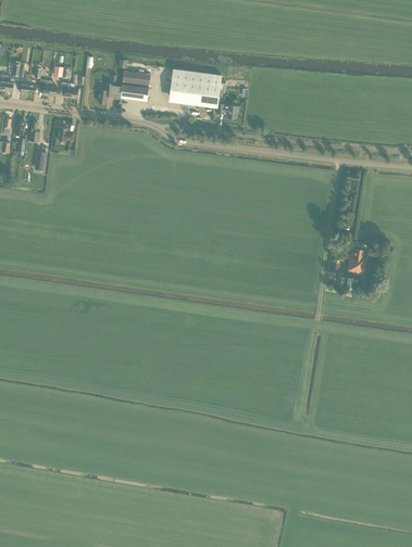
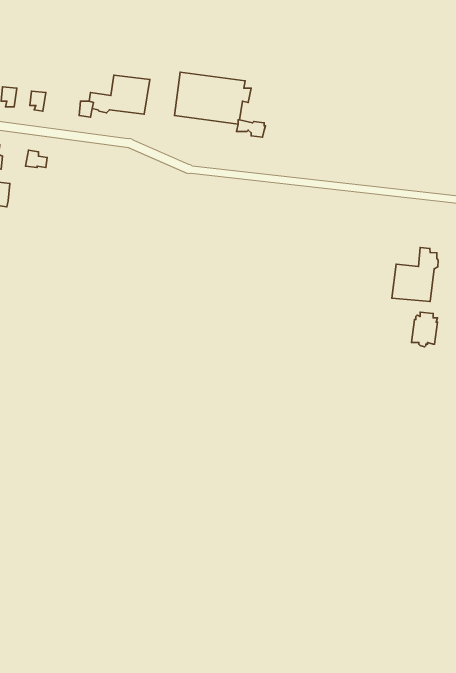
building: none -> [392,248,438,301]

